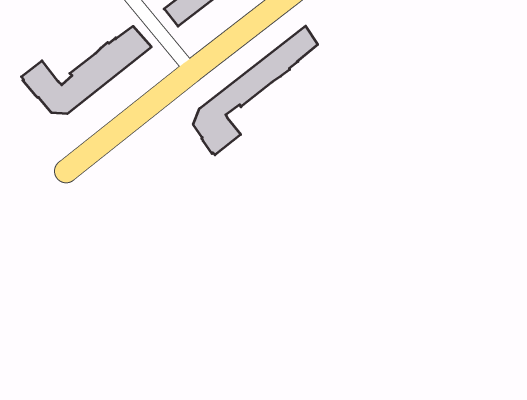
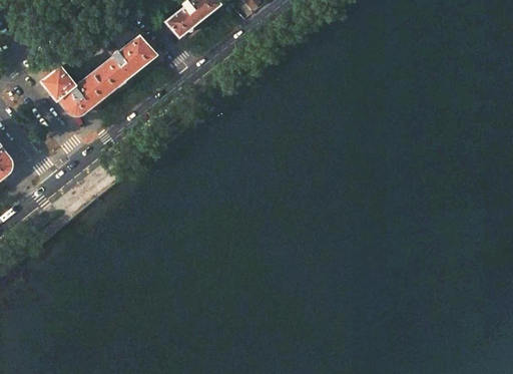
building: [193,26,318,155] -> none

